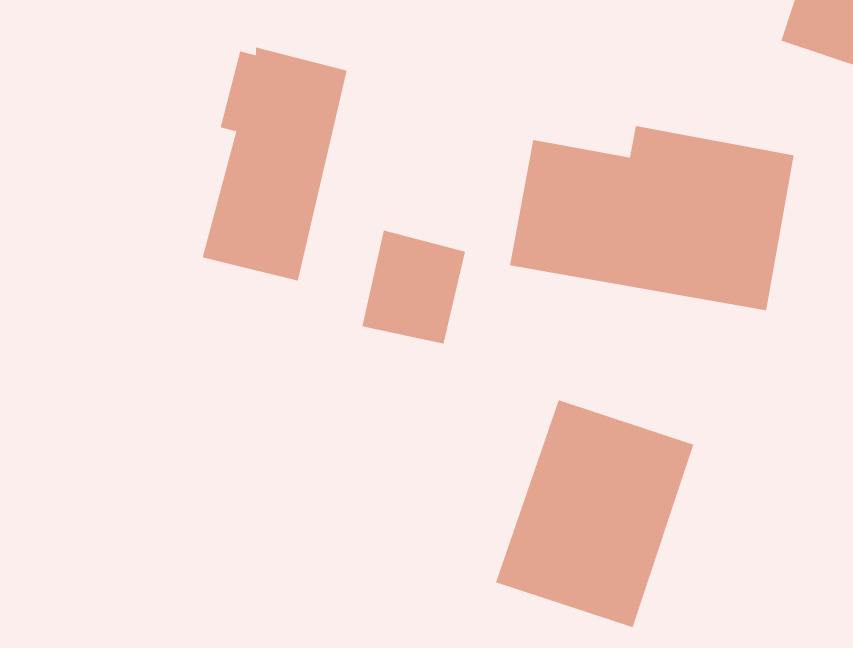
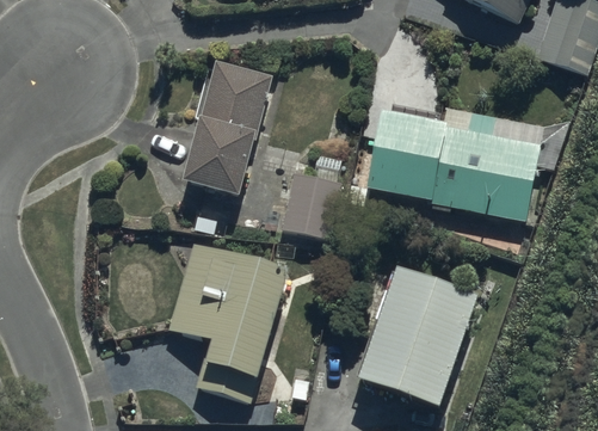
building: none -> [167,241,288,401]

